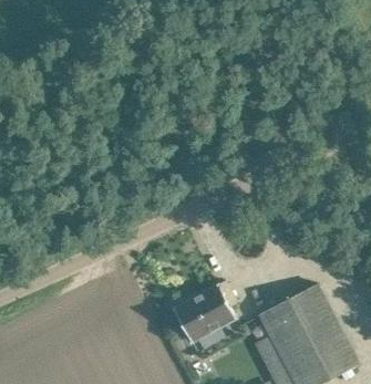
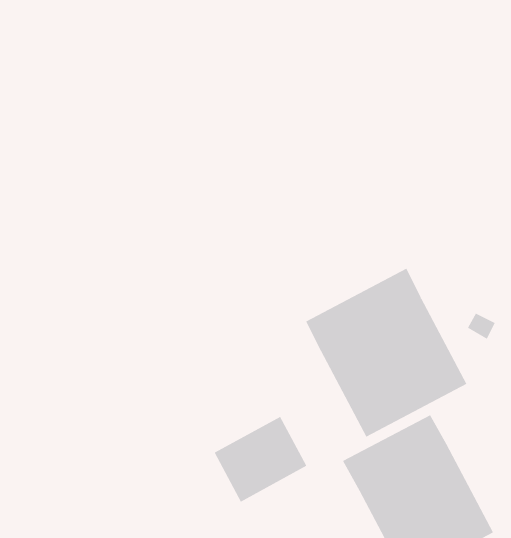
building: none -> [305,268,467,438]

